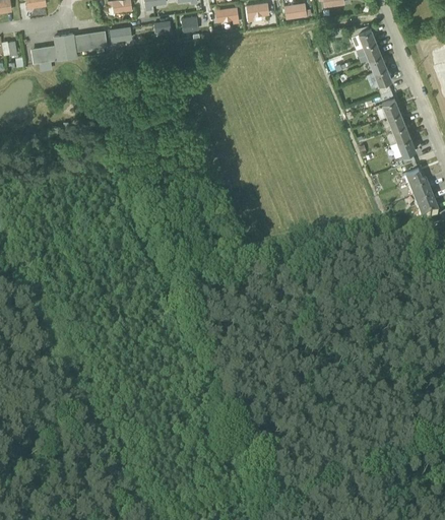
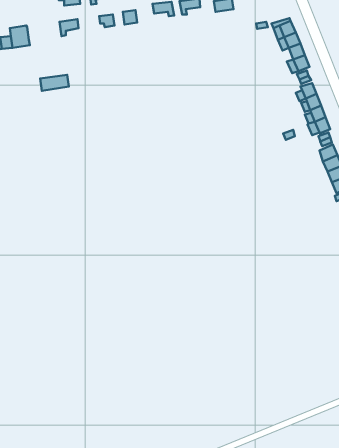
building: [74,31,107,50] -> [40,75,69,91]

